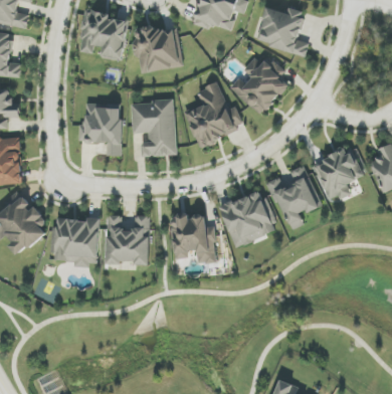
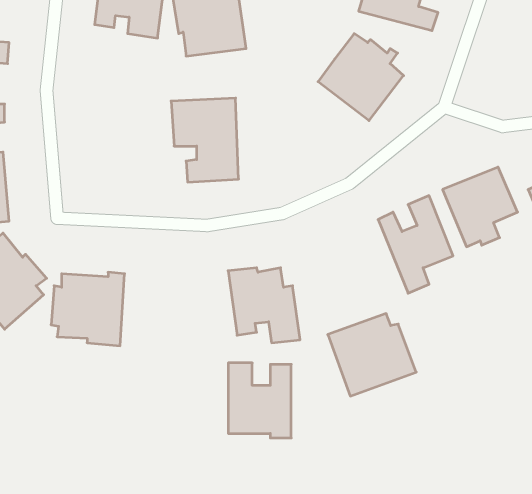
building: [184,81,244,147] -> none
building: [78,102,122,155] -> none
building: [219,191,278,246] -> [328,314,416,396]
building: [107,214,149,264] -> [228,363,291,438]

